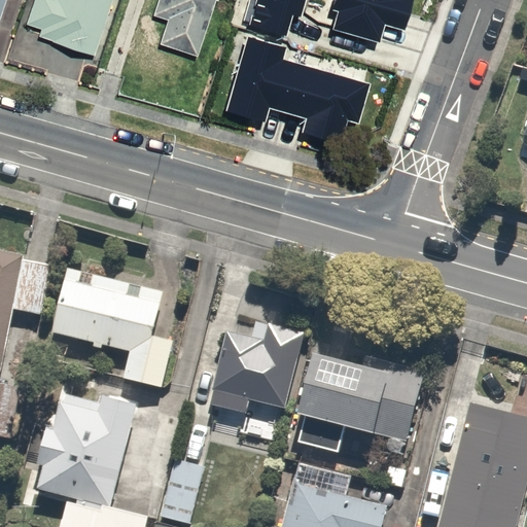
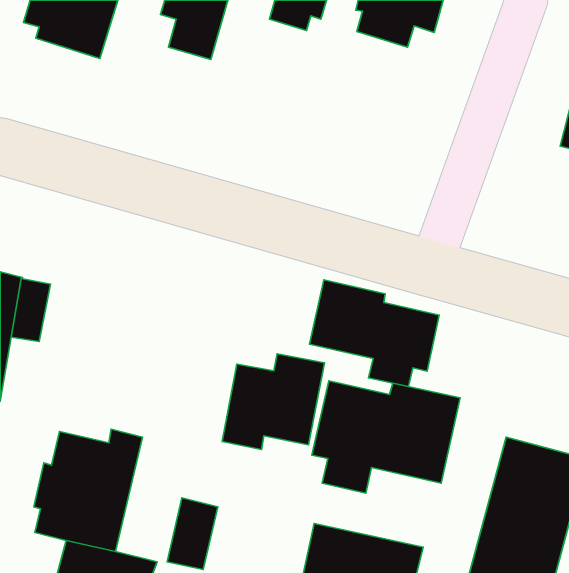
building: [225,35,368,144] -> none
building: none -> [309,280,439,387]
building: [51,267,175,389] -> none

